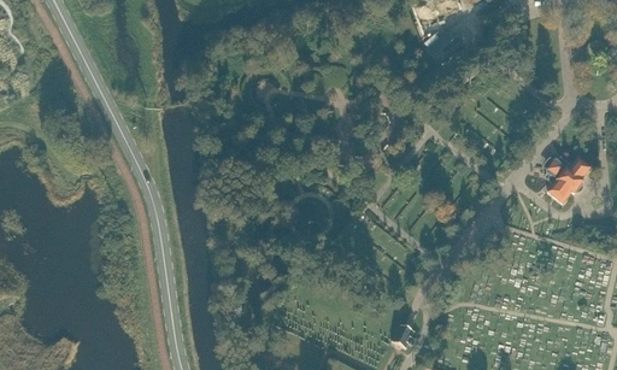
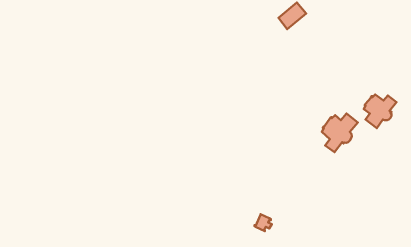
building: none -> [322,113,358,152]

